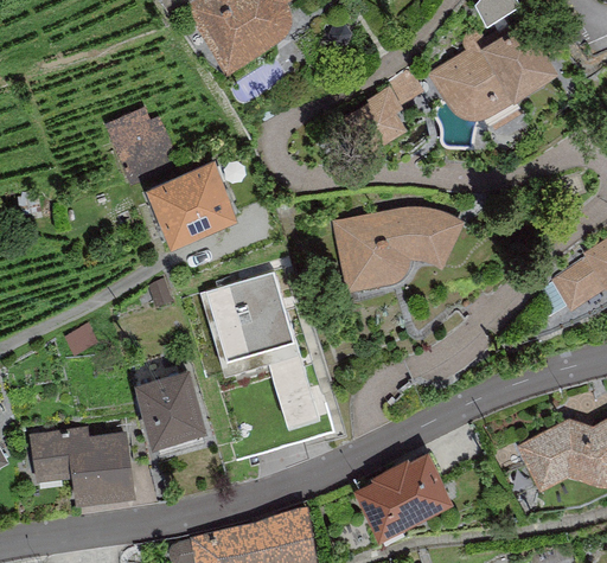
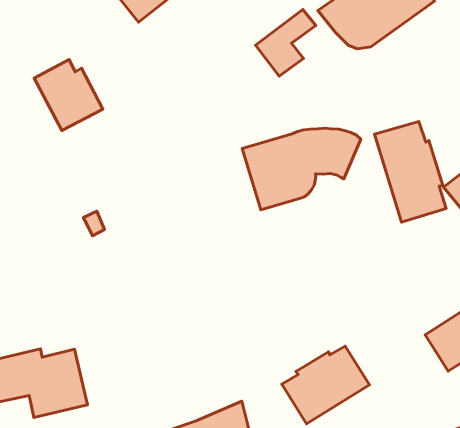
building: [145,155,237,241] -> none
building: none -> [375,121,446,222]
building: [200,270,319,427] -> none
building: [134,369,205,442] -> none

